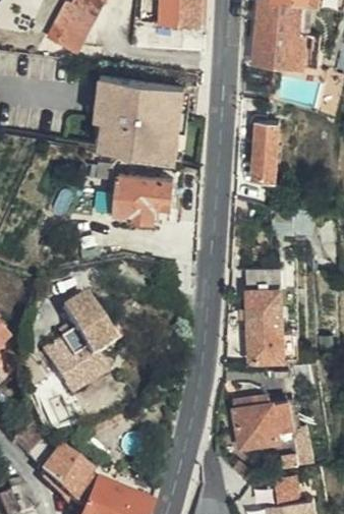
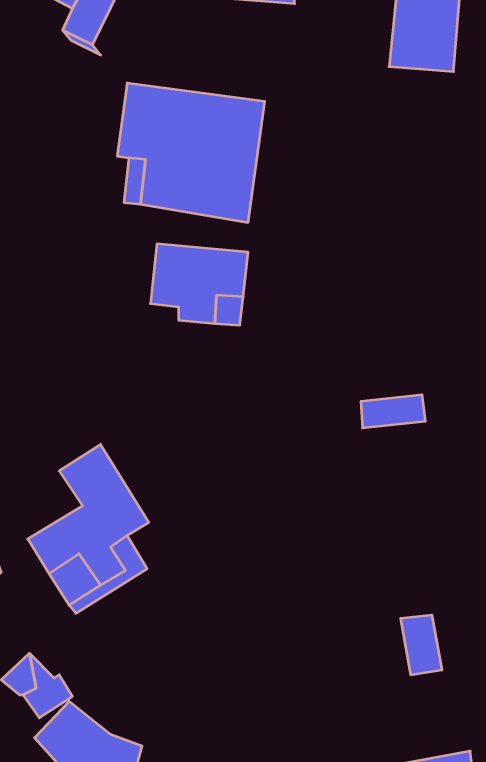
building: [259,130,281,180] -> none
building: [242,286,284,364] -> none
building: [229,399,272,441] -> none

